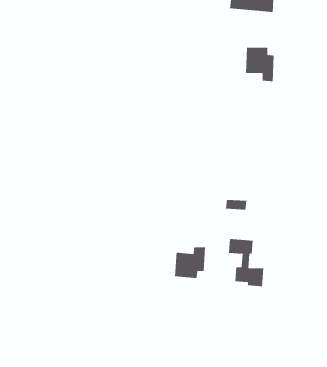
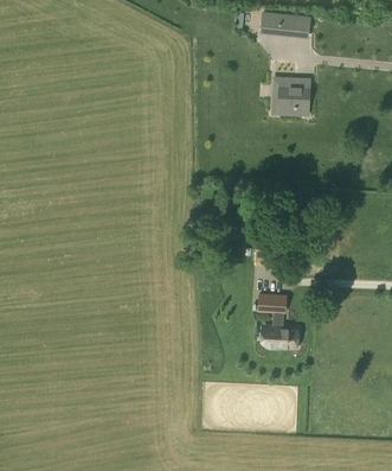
building: [175,246,206,279] -> none

